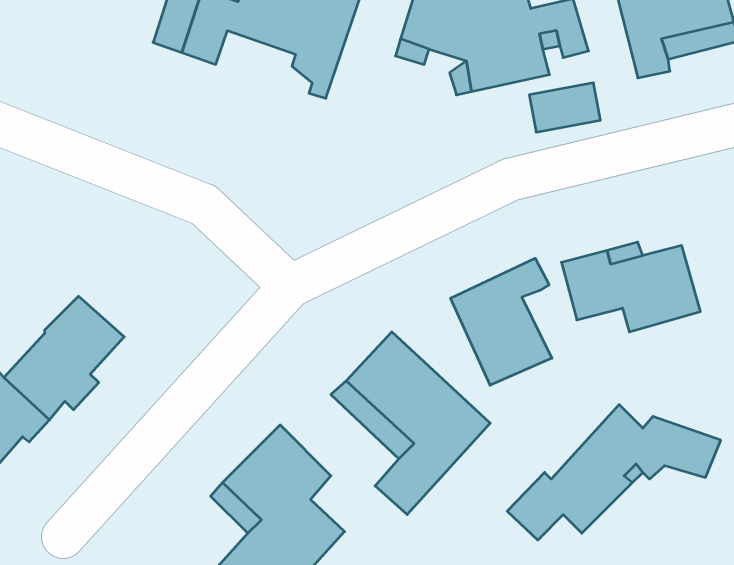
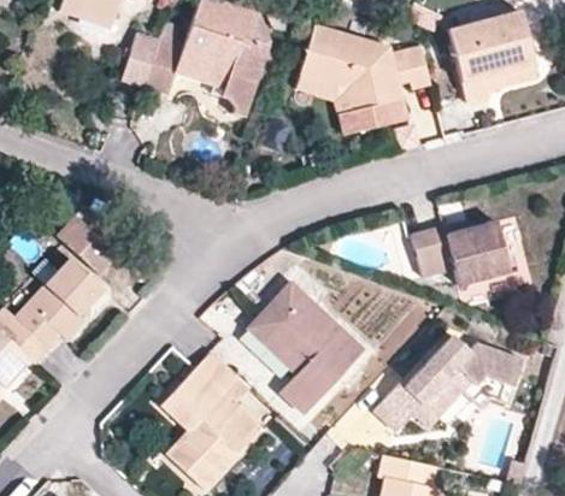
building: none -> [55,214,117,273]
building: [451,258,552,385] -> none

